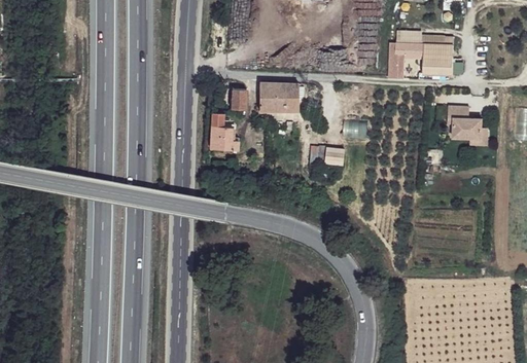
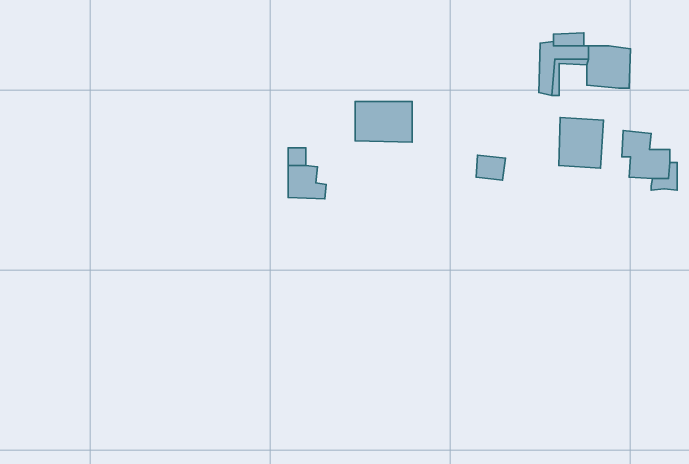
building: [227,89,248,115] -> none
building: none -> [559,117,603,168]
building: [308,144,342,164] -> none

